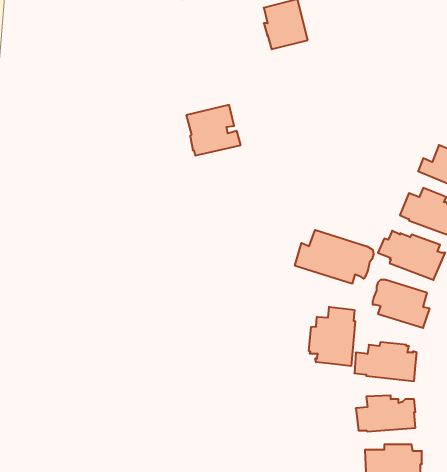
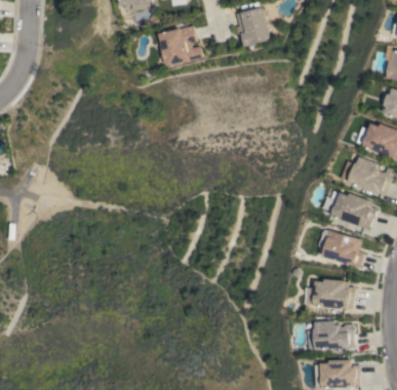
building: [186,105,241,156] -> [158,26,201,66]
building: [295,230,374,284] -> none
building: [309,307,355,366] -> none

